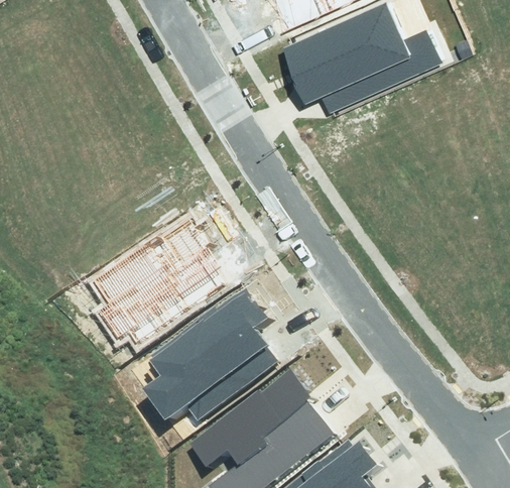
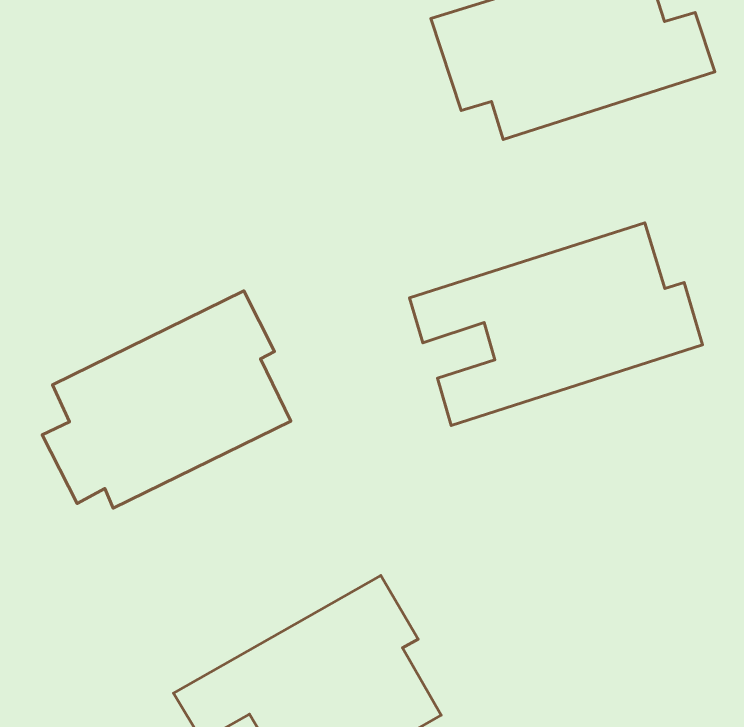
building: none -> [410,223,703,425]
building: [142,286,280,419] -> none

